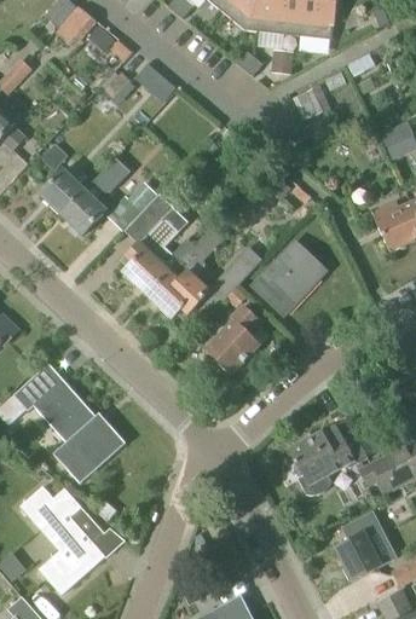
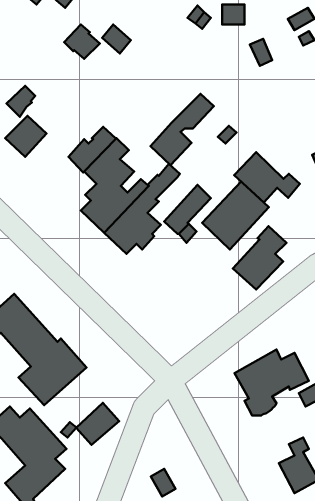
building: [60,157,129,235] -> [150,94,214,165]
building: none -> [234,152,300,203]
building: [204,305,262,374] -> [233,226,286,289]
building: none -> [76,403,119,445]

